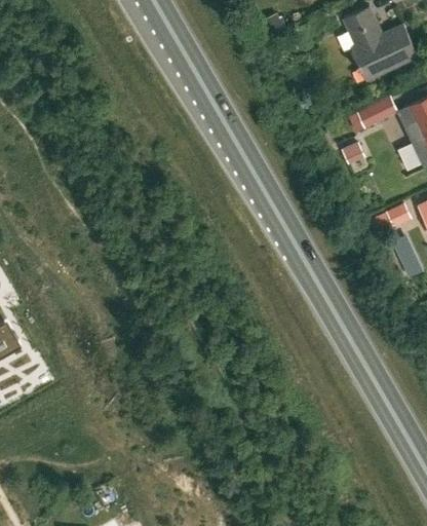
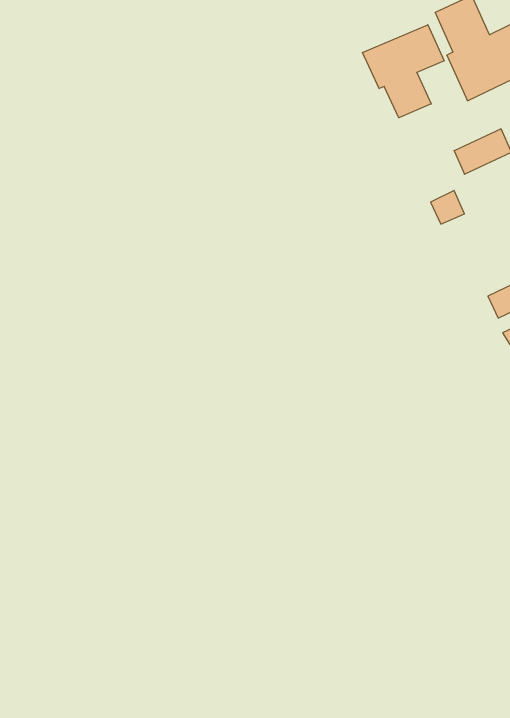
building: none -> [363,25,444,118]

